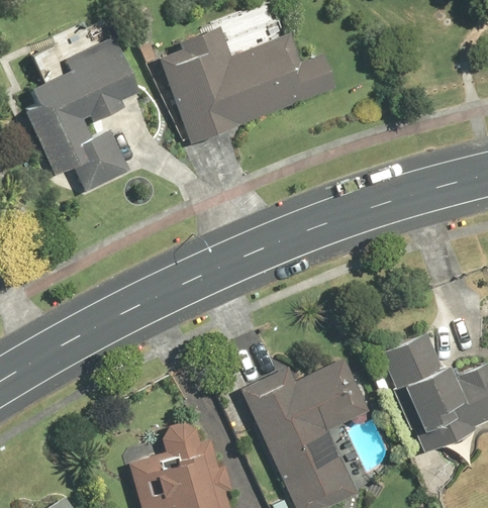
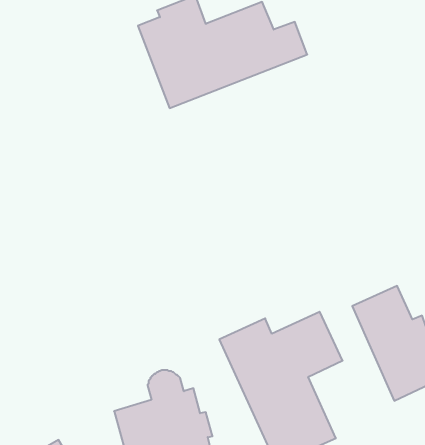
building: [21,36,136,193] -> none

